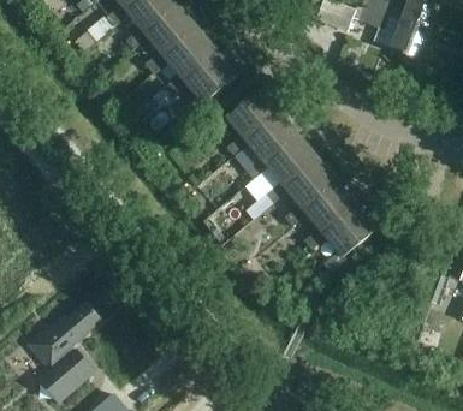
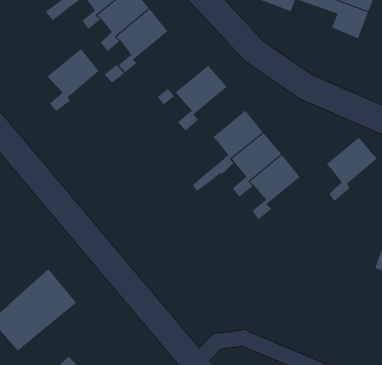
building: [180,50,236,118] -> [47,48,99,112]
building: [244,109,298,178] -> none
building: [321,204,375,273] -> [326,137,377,202]

